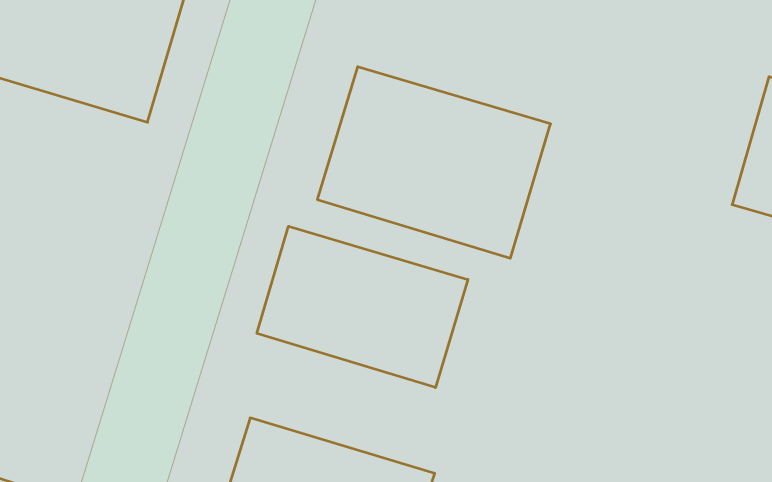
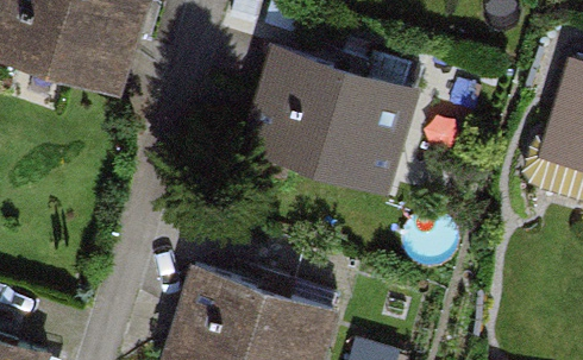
building: [257,226,468,388] -> none

